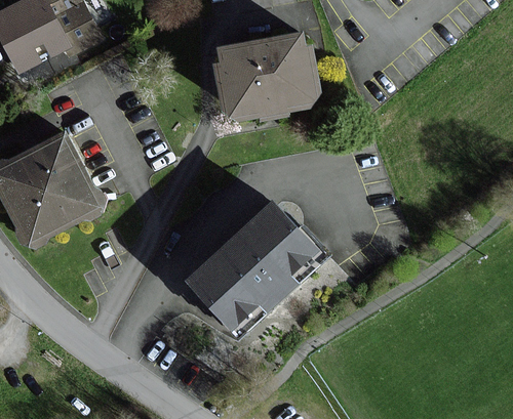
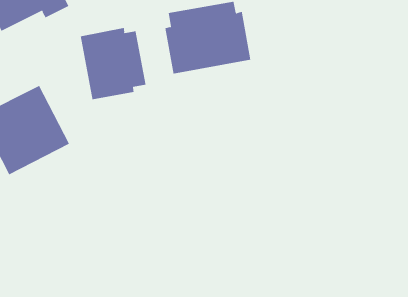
building: none -> [80,27,146,100]
building: [187,205,315,330] -> none

